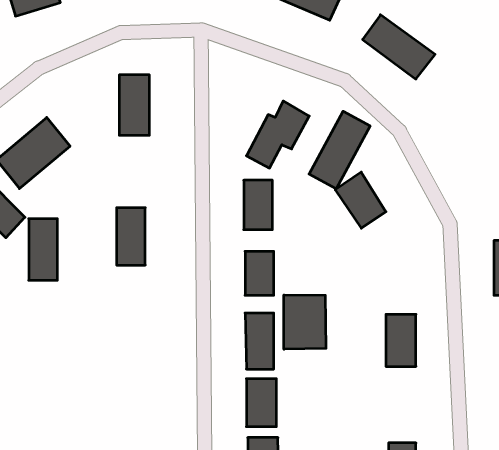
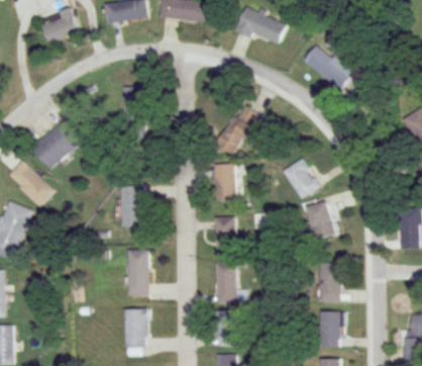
building: [309,111,370,189] -> none
building: [29,219,57,280] -> [126,250,147,295]
building: none -> [304,201,337,242]
building: [284,295,326,349] -> none
building: none -> [123,308,145,348]
building: none -> [320,312,341,348]

